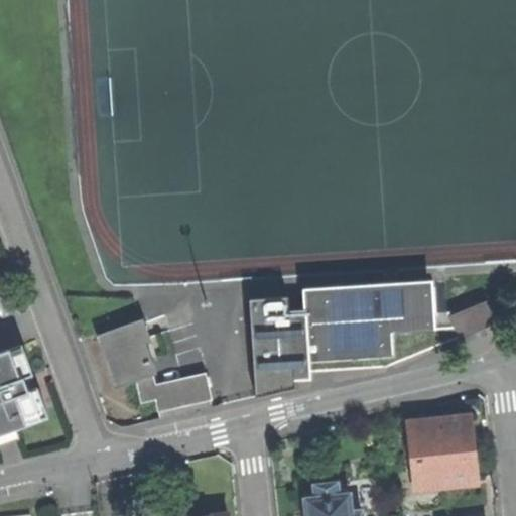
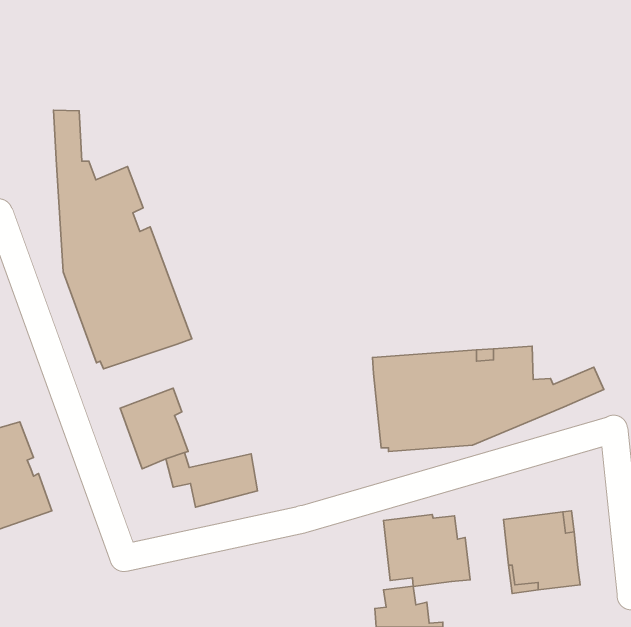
building: none -> [54,110,192,369]
building: [249,292,310,393] -> none
building: none -> [383,514,470,587]

